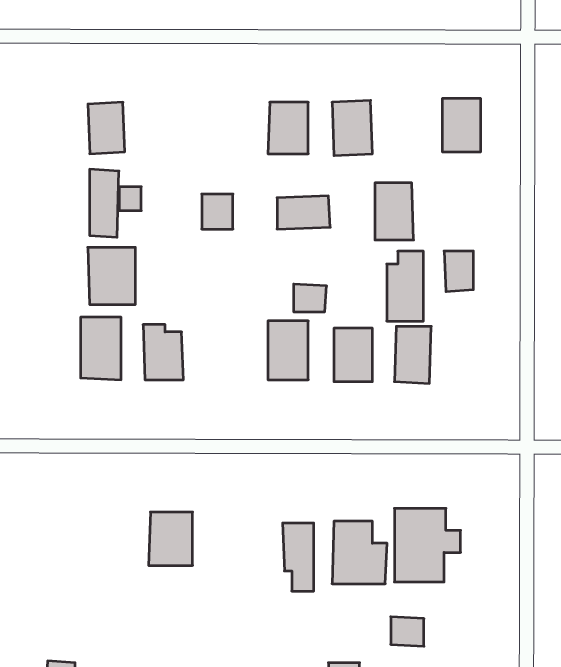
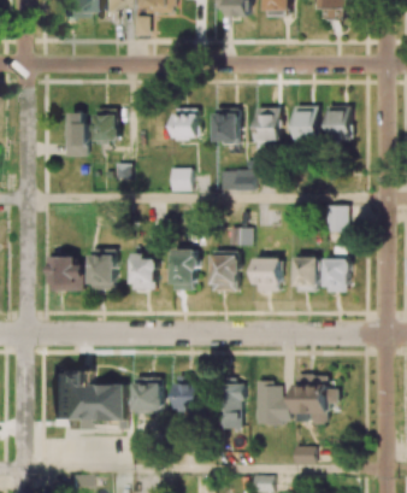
building: none -> [173,110,197,141]
building: [90,169,119,237] -> [65,112,84,157]
building: [375,183,414,240] -> [293,106,318,143]
building: [88,247,135,304] -> [48,254,79,292]
building: [387,251,423,321] -> [324,247,348,293]
building: none -> [170,250,195,292]
building: none -> [49,372,125,430]
building: none -> [175,375,202,410]

